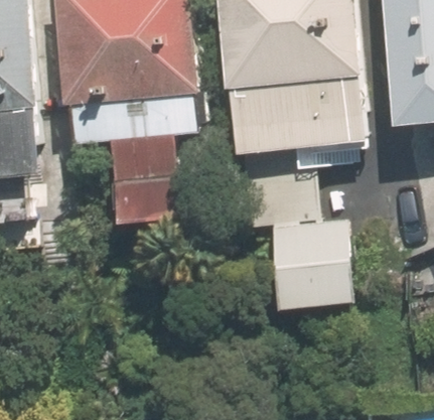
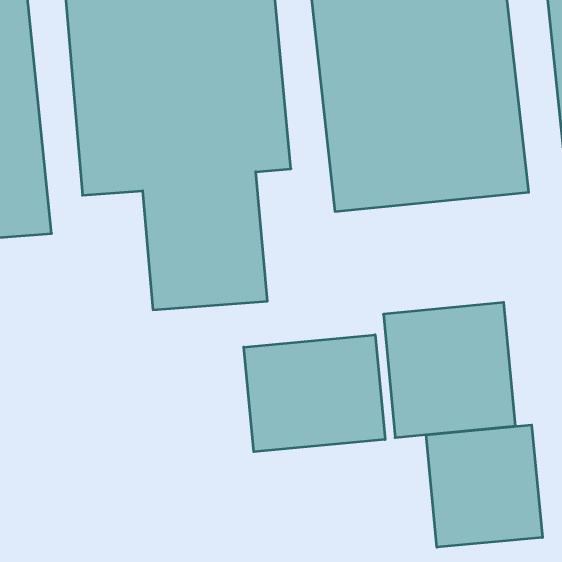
building: none -> [244,335,385,452]
building: none -> [426,425,542,547]

